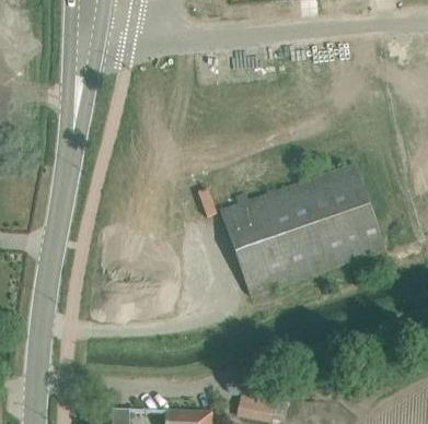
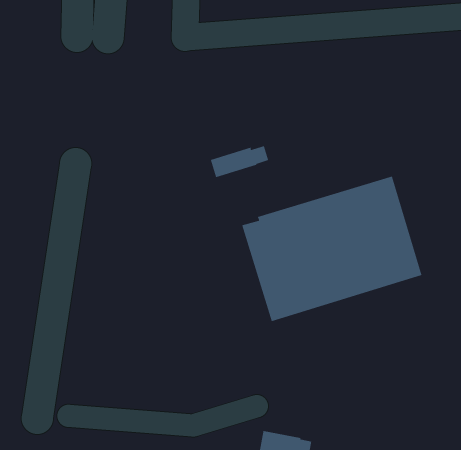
building: none -> [210,145,269,178]

